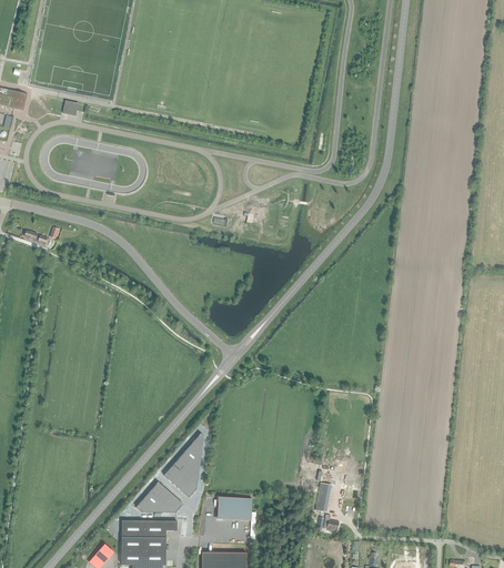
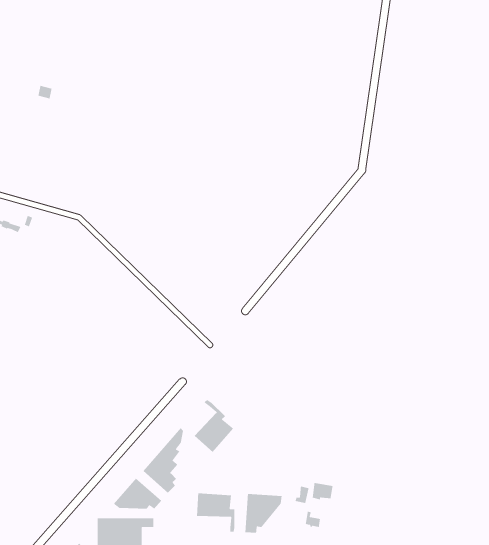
building: none -> [194,399,234,453]
building: none -> [244,493,282,533]

